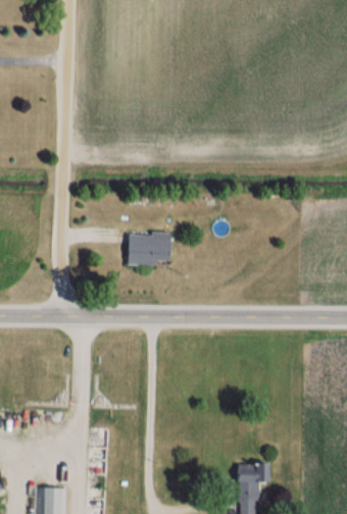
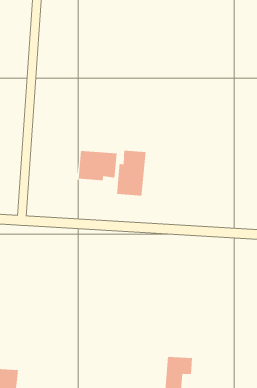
building: none -> [117,150,146,197]

